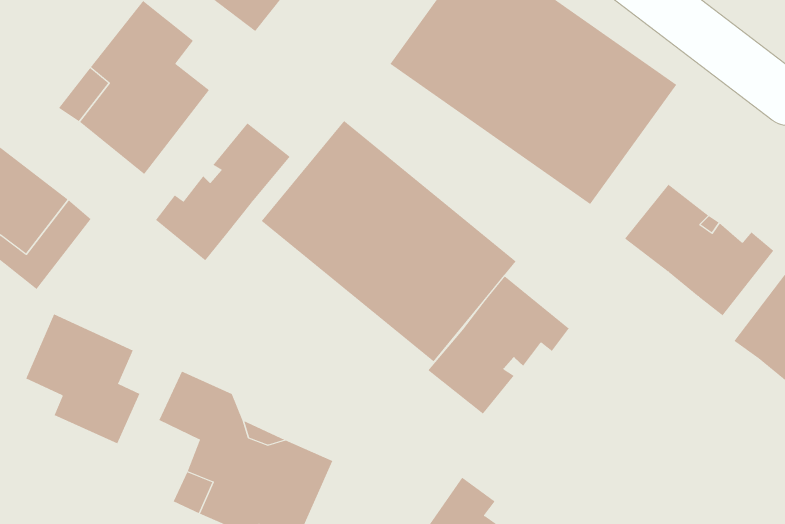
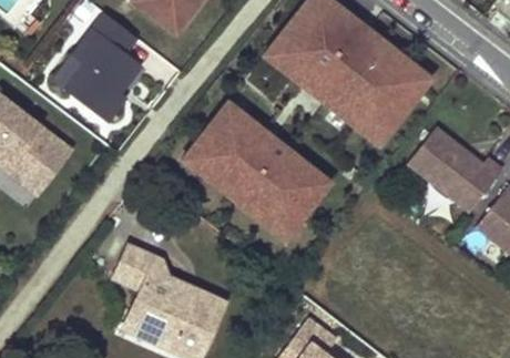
building: [155,122,291,261] -> none
building: [428,275,569,414] -> none
building: [26,313,140,444] -> none

